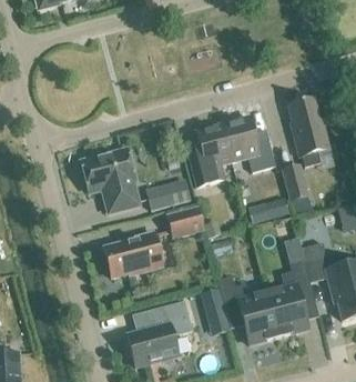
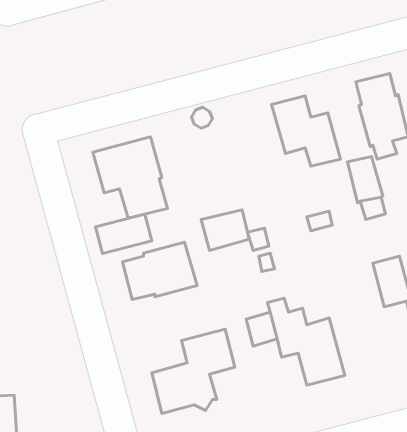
building: [187,122,233,187] -> none
building: [145,179,190,210] -> [95,214,152,253]
building: [267,257,315,336] -> none

